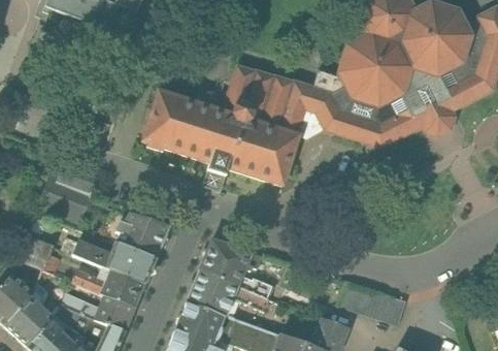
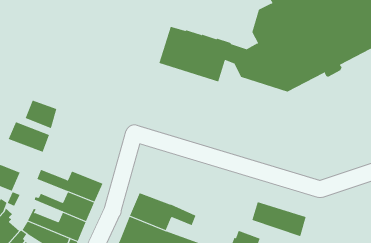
building: [141,90,298,185] -> none
building: [113,213,168,259] -> none
building: [199,240,273,298] -> none

